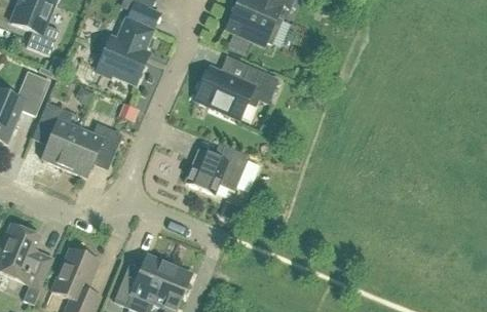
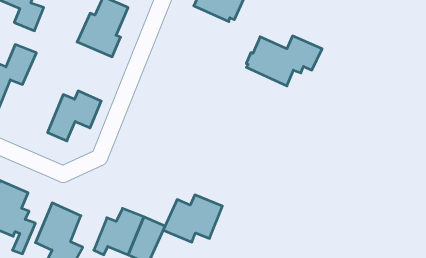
building: [194,64,278,119] -> [246,36,322,86]
building: [35,101,81,167] -> none
building: [184,142,250,194] -> [163,195,222,242]

